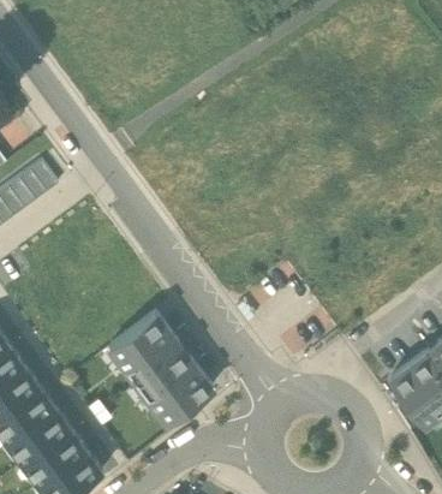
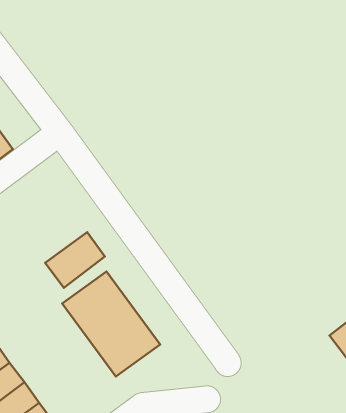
building: none -> [45,232,105,288]

